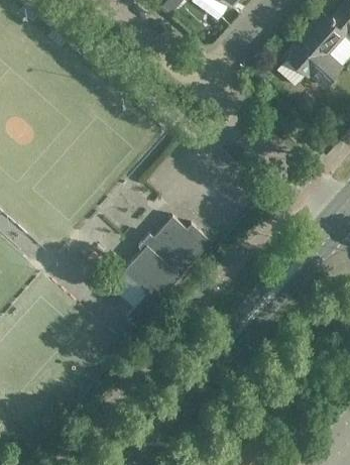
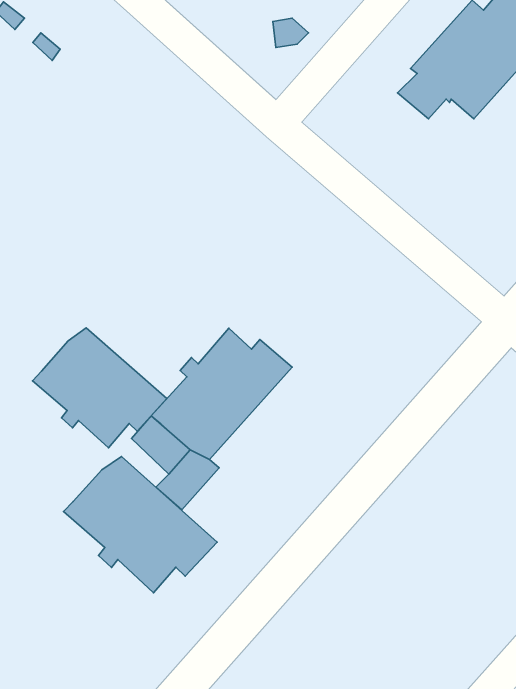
building: none -> [32,328,167,448]
building: none -> [64,457,217,593]

